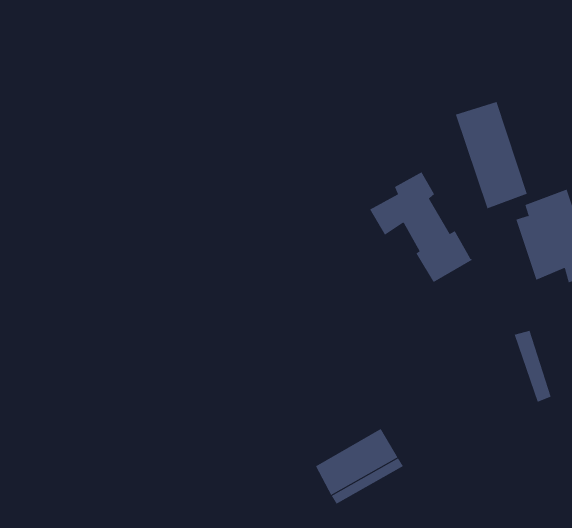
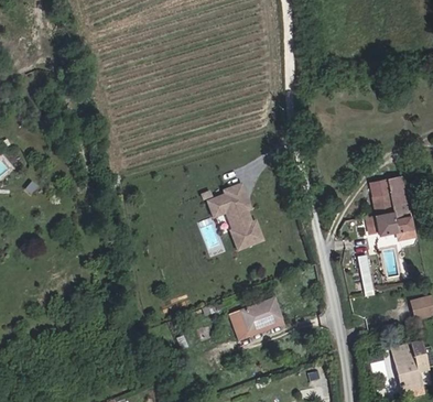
building: [455,101,527,209] -> none
building: [369,171,473,283] -> [204,184,260,250]

